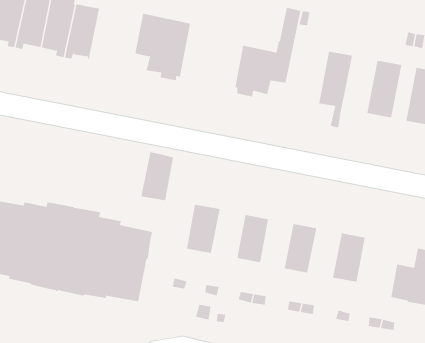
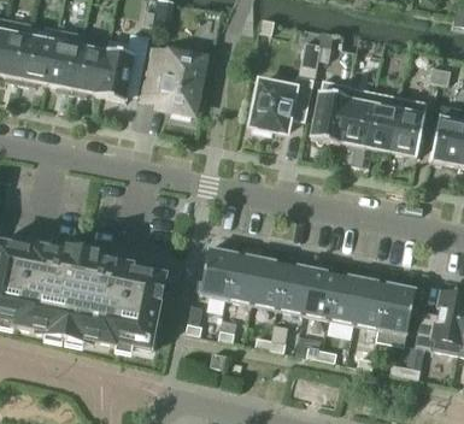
building: none -> [99,46,135,100]
building: none -> [311,78,350,142]
building: none -> [360,90,400,167]
building: [141,151,174,201] -> [227,251,262,302]
building: none -> [278,261,312,313]
building: none -> [328,271,363,323]
building: none -> [377,281,416,344]

